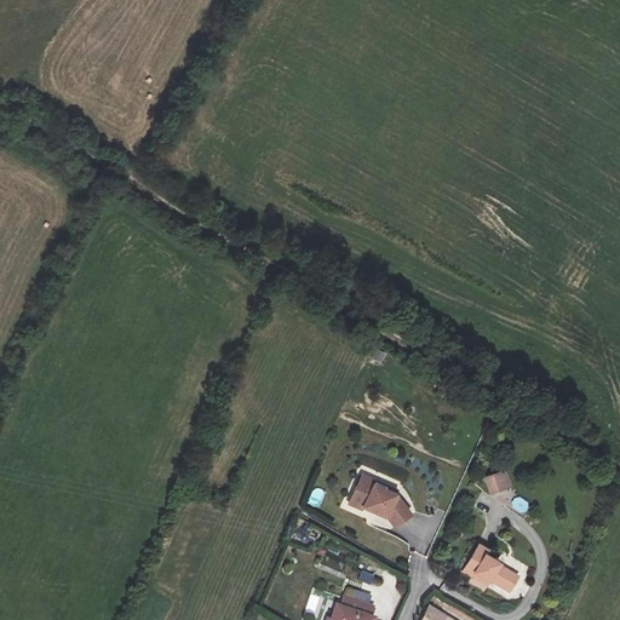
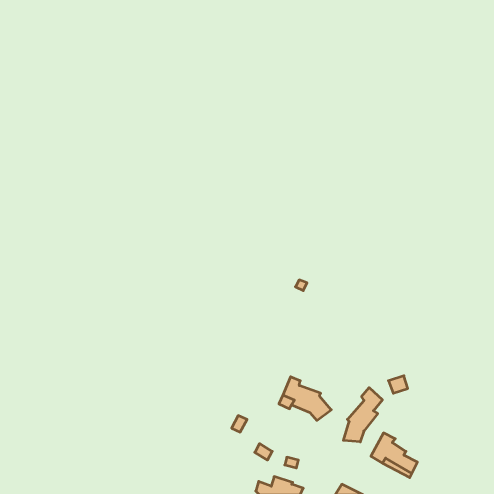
building: none -> [343,388,382,442]

